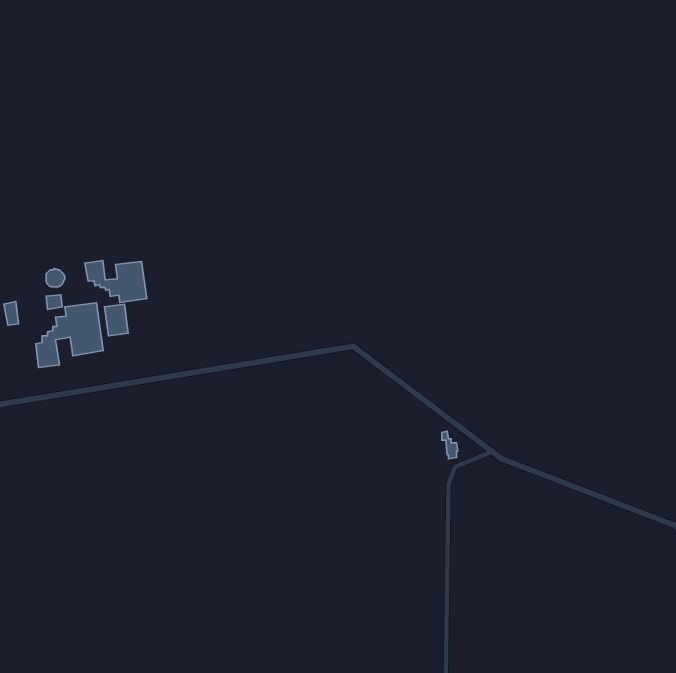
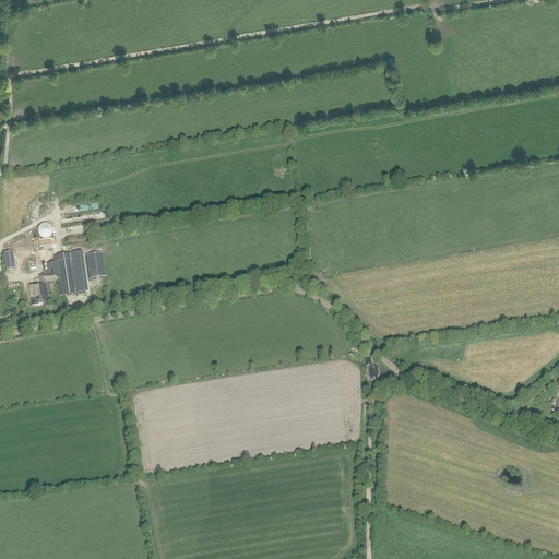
building: [85,260,147,302] -> none

